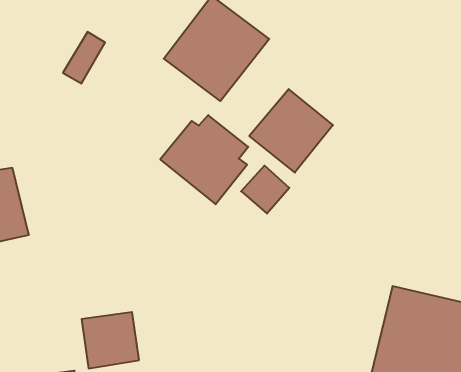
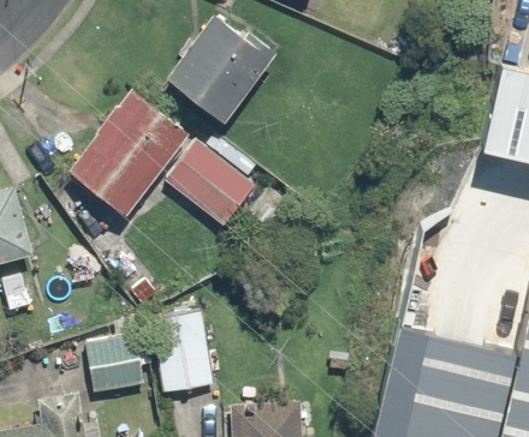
building: none -> [70,91,189,217]
building: [249,89,333,173] -> none
building: none -> [153,315,213,394]

